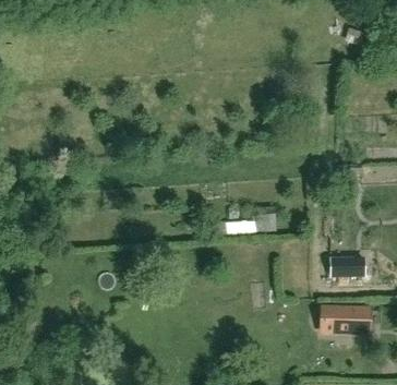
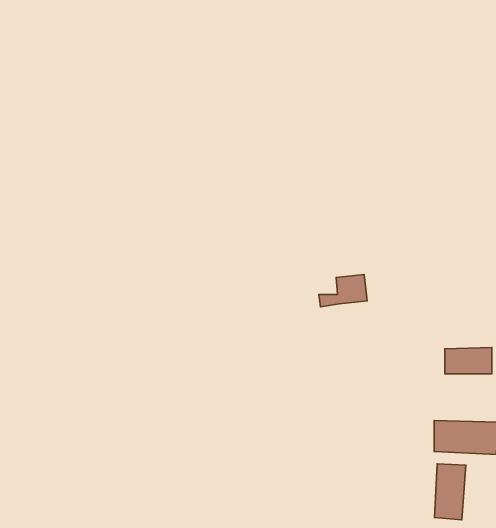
building: none -> [435,464,466,520]

